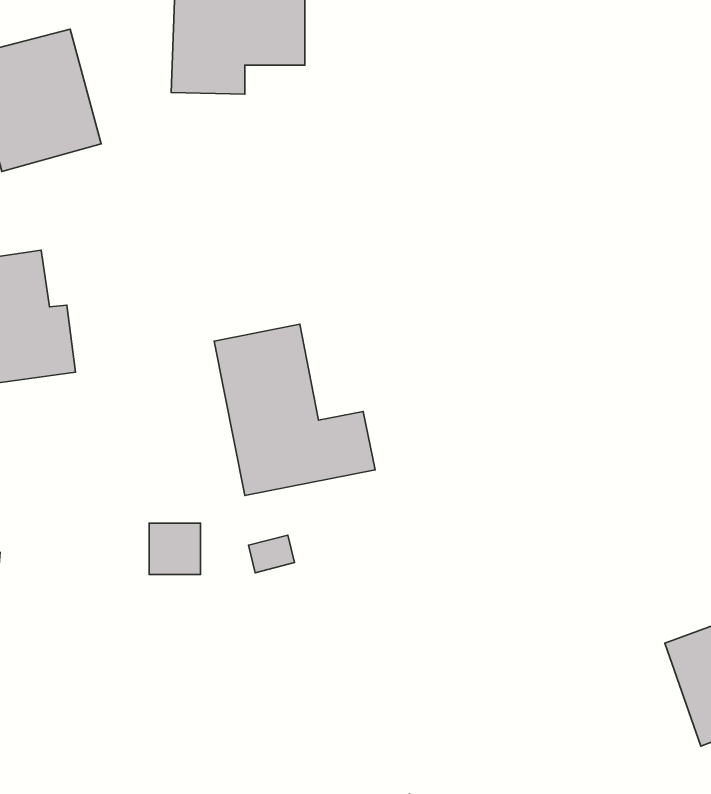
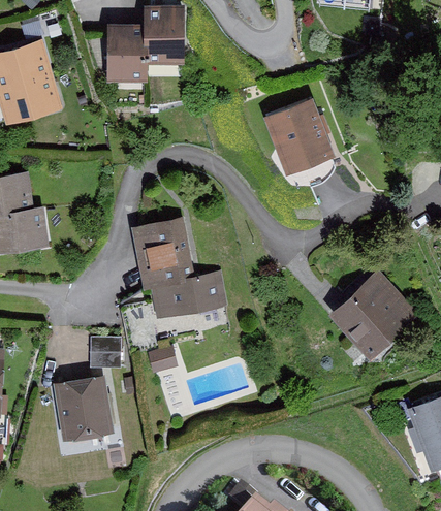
building: none -> [259,97,333,173]
building: none -> [326,269,419,362]
building: none -> [53,375,114,442]

